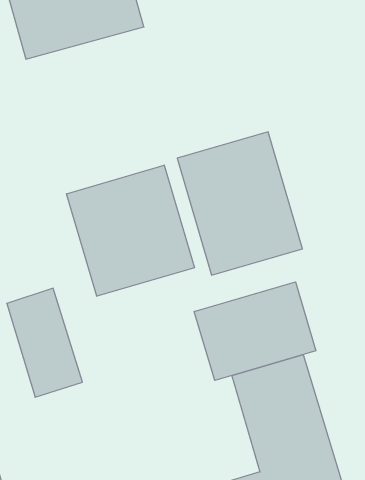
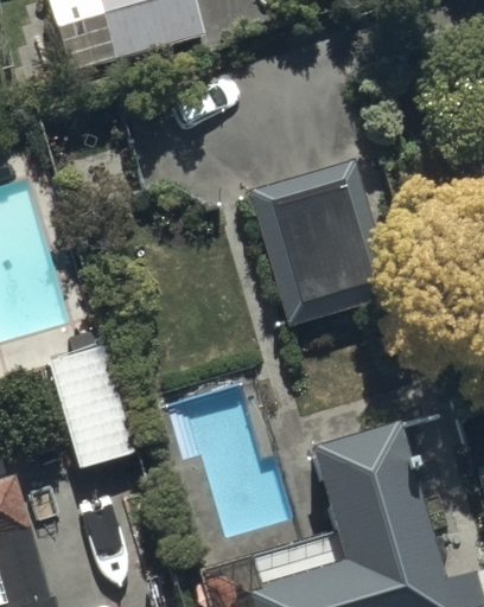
building: [67,165,194,296] -> none
building: [194,282,316,380] -> none

